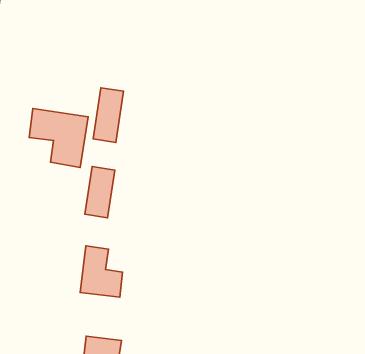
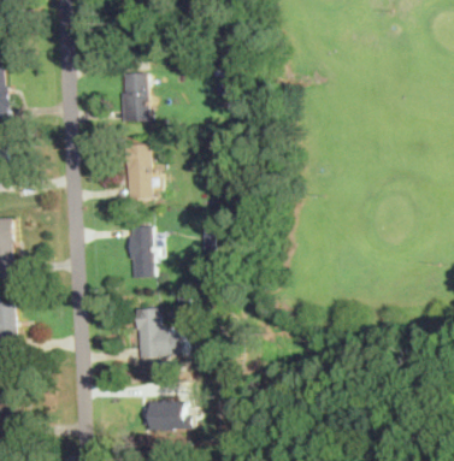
building: none -> [120,72,148,122]
building: [29,109,88,167] -> none

